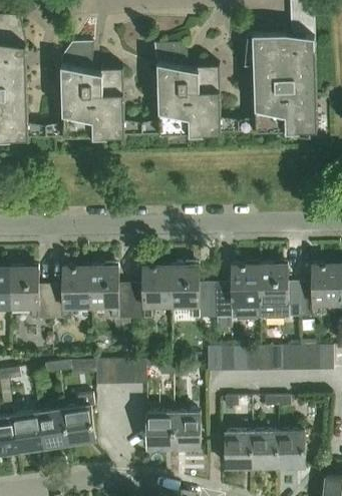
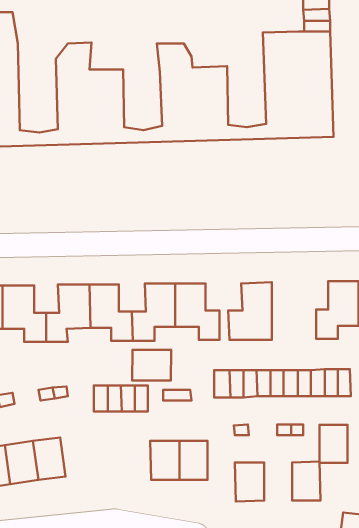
building: [259,265,300,318] -> none
building: none -> [132,350,171,380]
building: [63,404,94,444] -> none
building: [252,431,278,466] -> [319,425,348,463]

